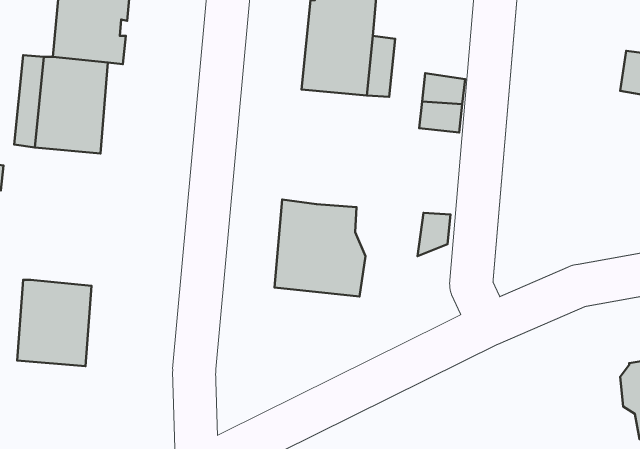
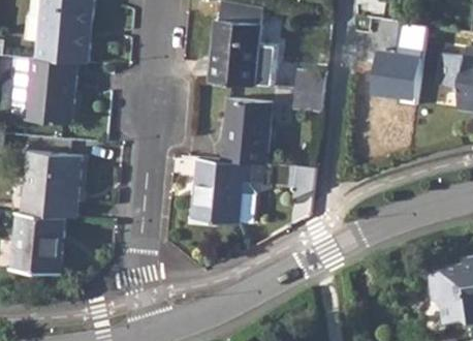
building: none -> [366,22,429,103]
building: none -> [221,97,270,163]
building: none -> [23,150,82,217]

